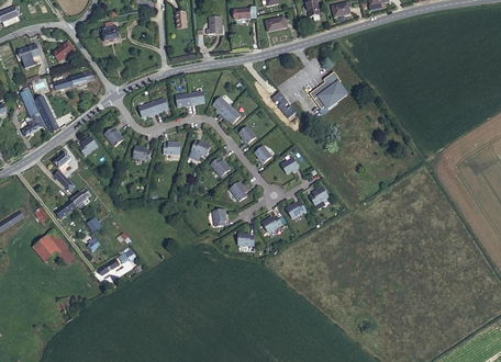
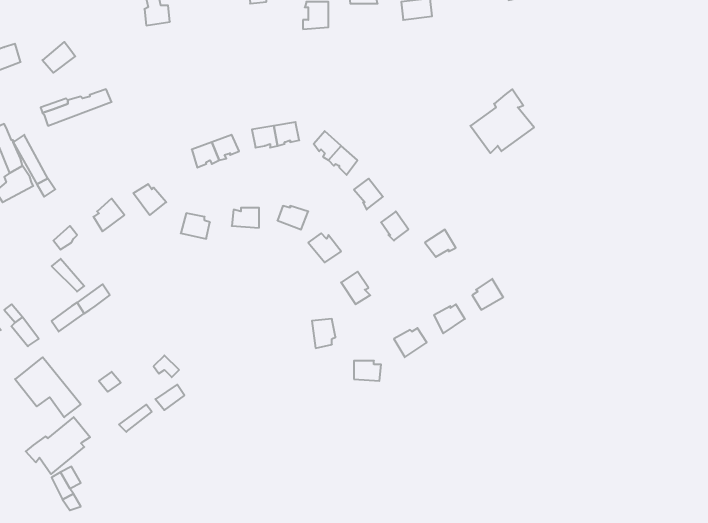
building: none -> [26,417,90,474]

